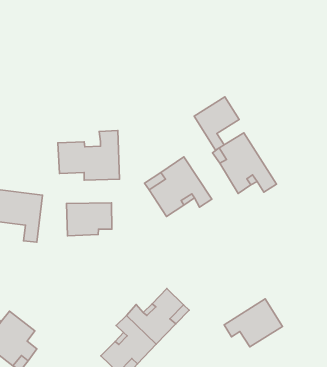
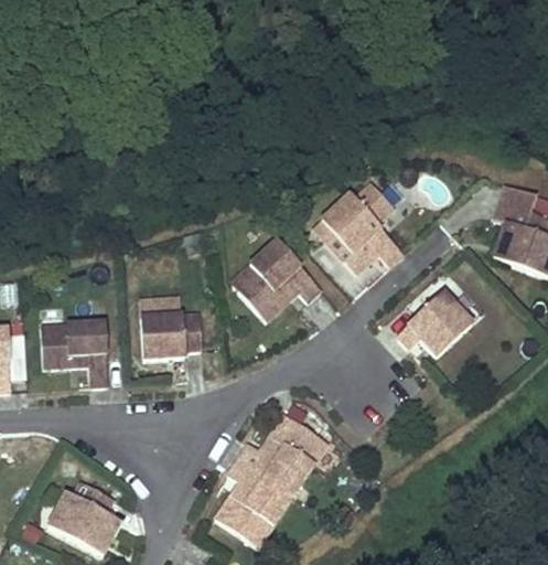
building: [194,97,239,150] -> none
building: [58,131,120,180] -> none
building: [224,299,282,347] -> [399,289,475,355]

